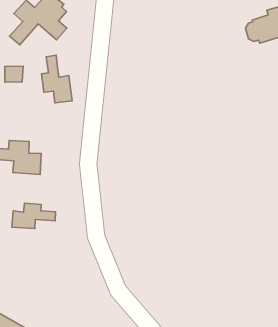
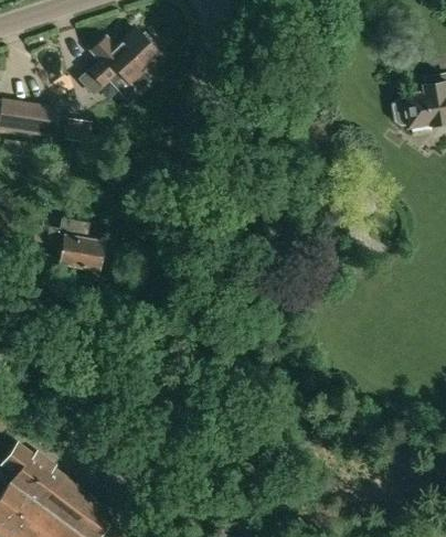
building: [42,55,72,103] -> none
building: [12,203,55,229] -> none

